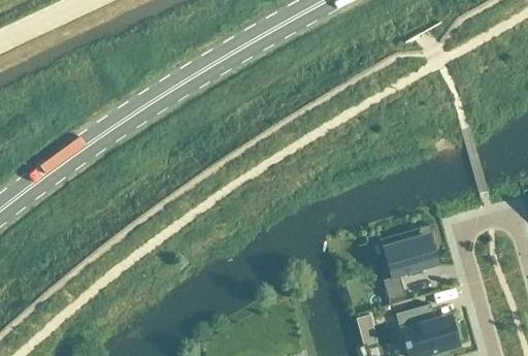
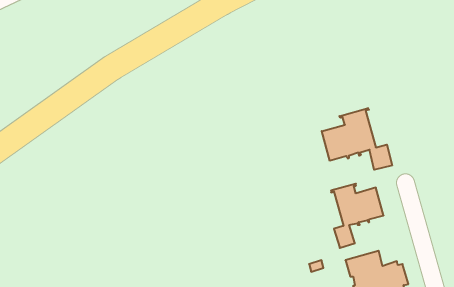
building: none -> [322,108,392,170]

